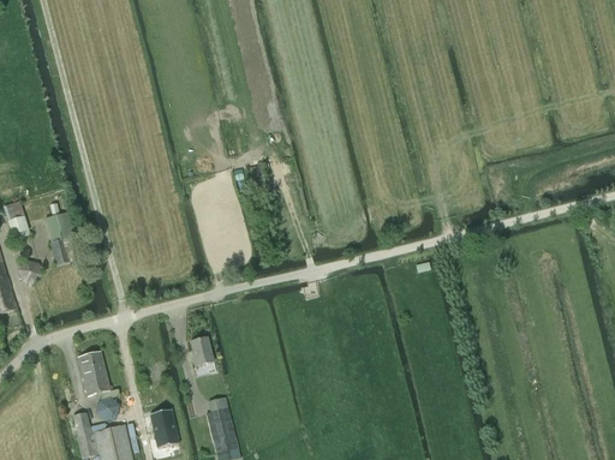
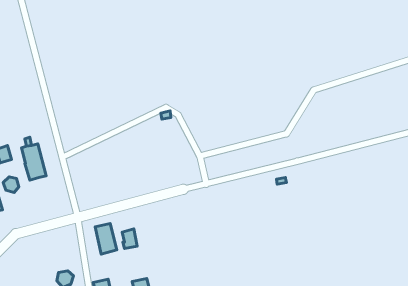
building: [78,351,109,395] -> [95,223,117,254]

